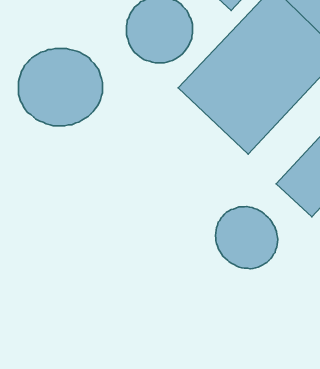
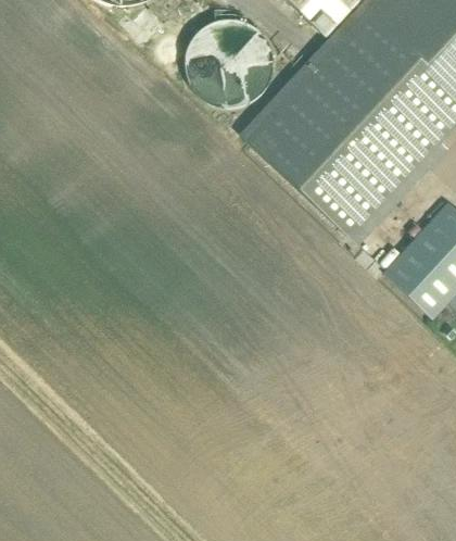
building: [18,48,102,126] -> none
building: [215,206,278,269] -> none

